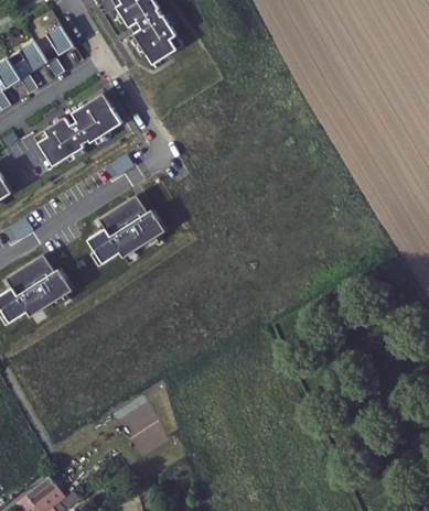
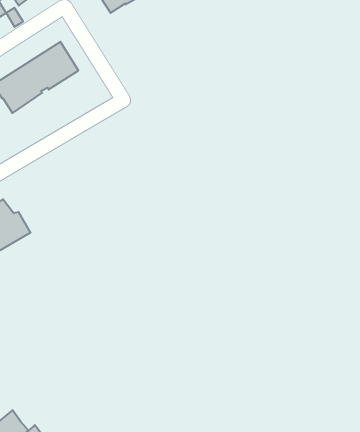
building: [87,195,165,260] -> none

